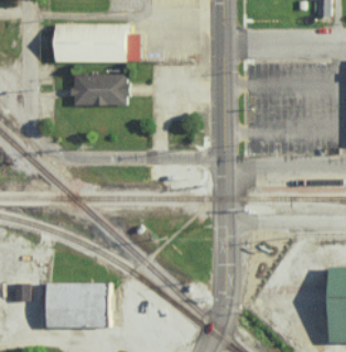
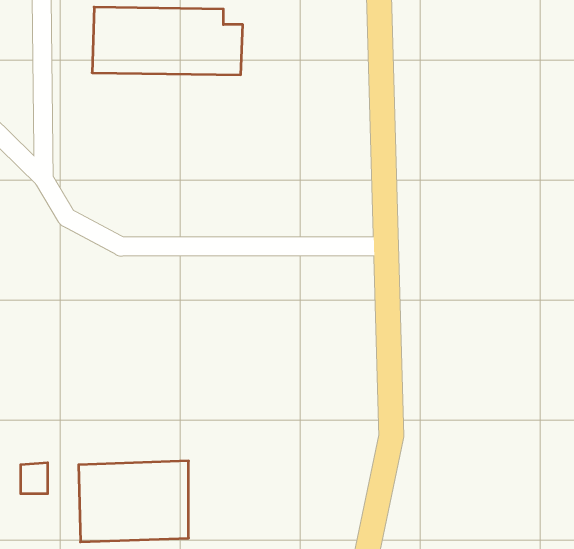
building: [71,74,127,104] -> none

